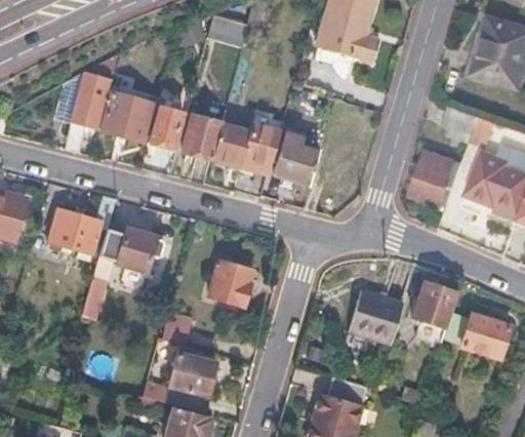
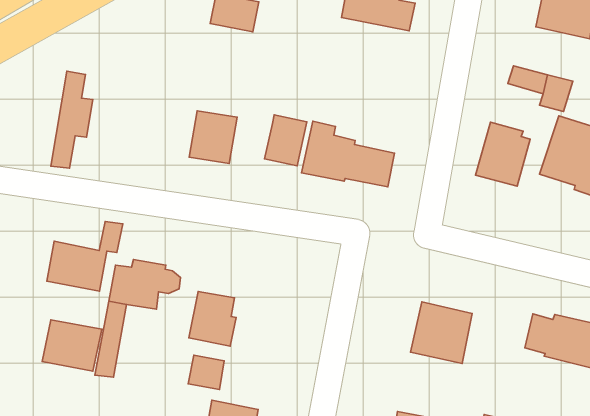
building: [96,90,149,140] -> none
building: [147,103,181,148] -> none
building: [211,120,250,165] -> none
building: [210,261,251,309] -> [189,291,236,346]
building: none -> [42,320,102,371]
building: [409,282,456,346] -> none

